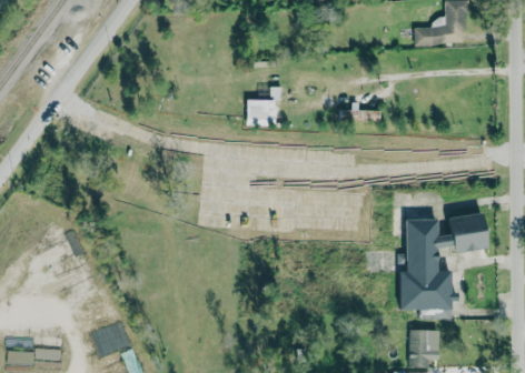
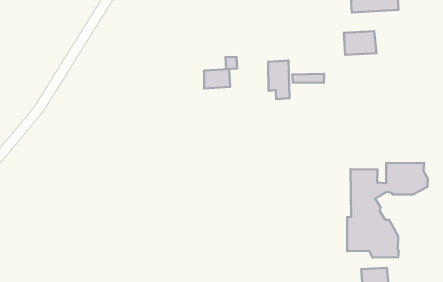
building: none -> [344,31,377,55]
building: none -> [268,61,289,99]

